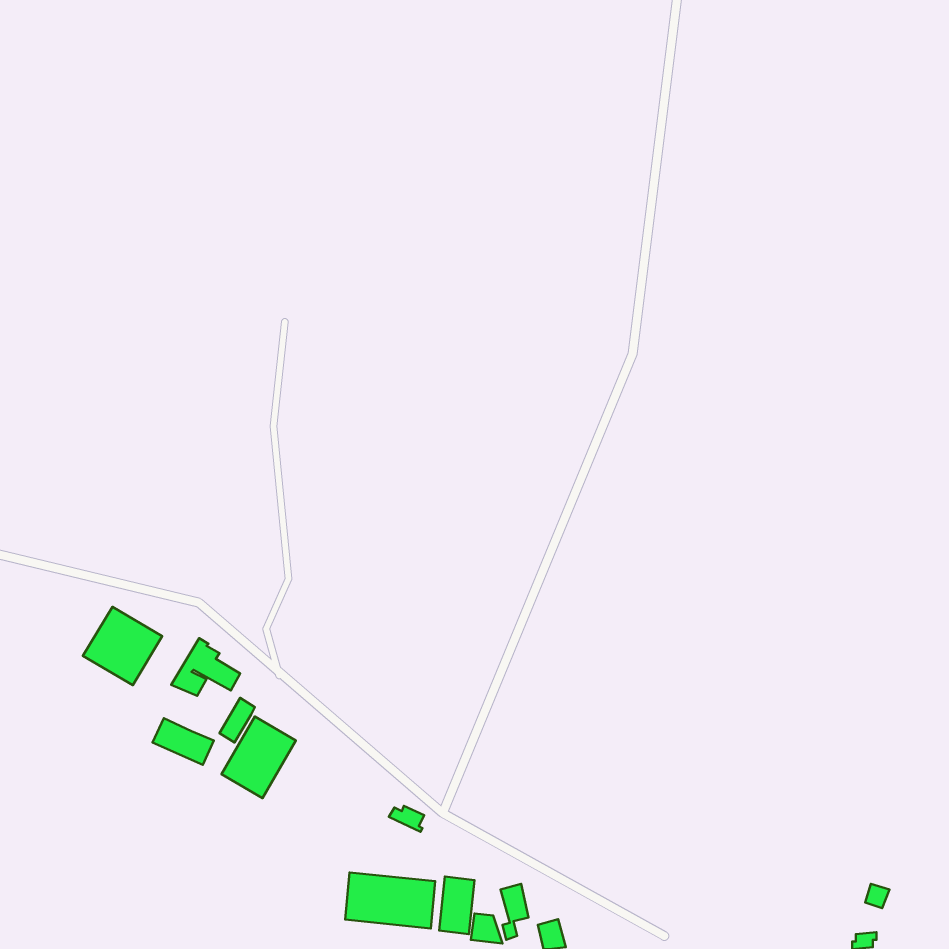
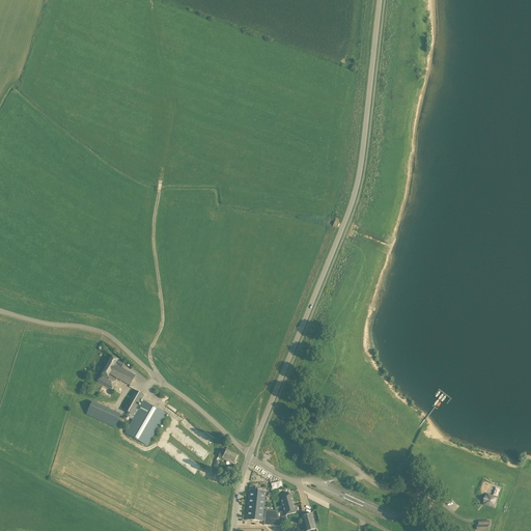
building: [83,607,162,685] -> none
building: [345,872,435,928] -> none

